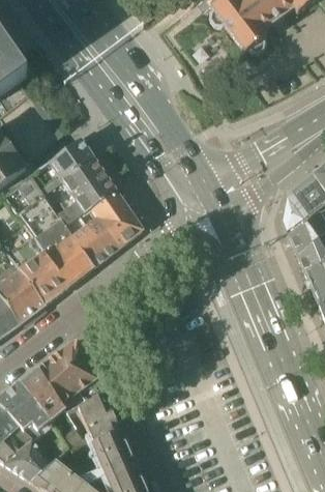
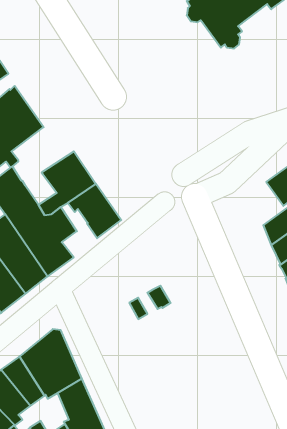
building: [41,138,94,193] -> none
building: [81,210,118,266] -> none

